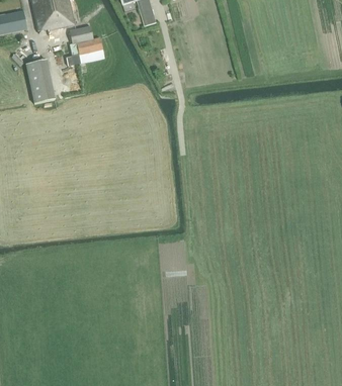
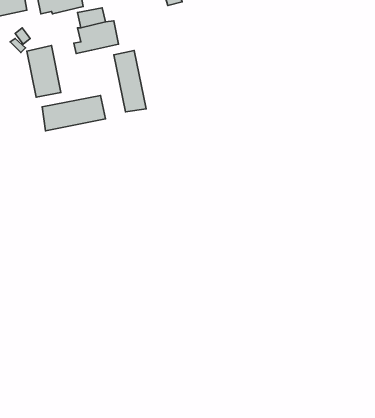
building: none -> [114,50,146,112]
building: none -> [42,95,105,131]

